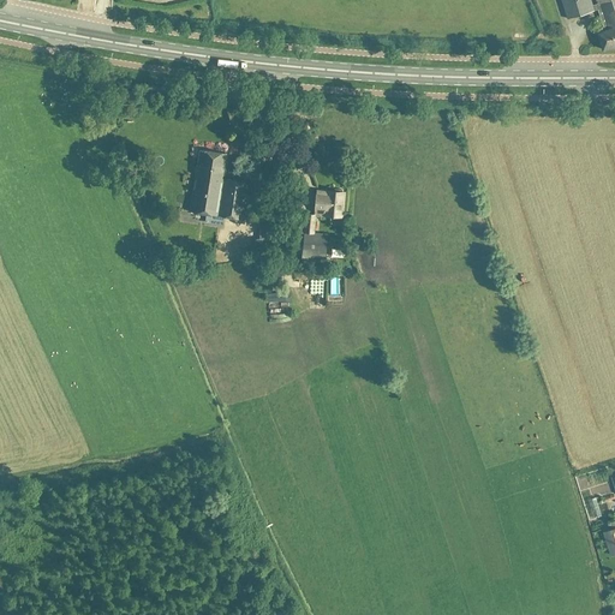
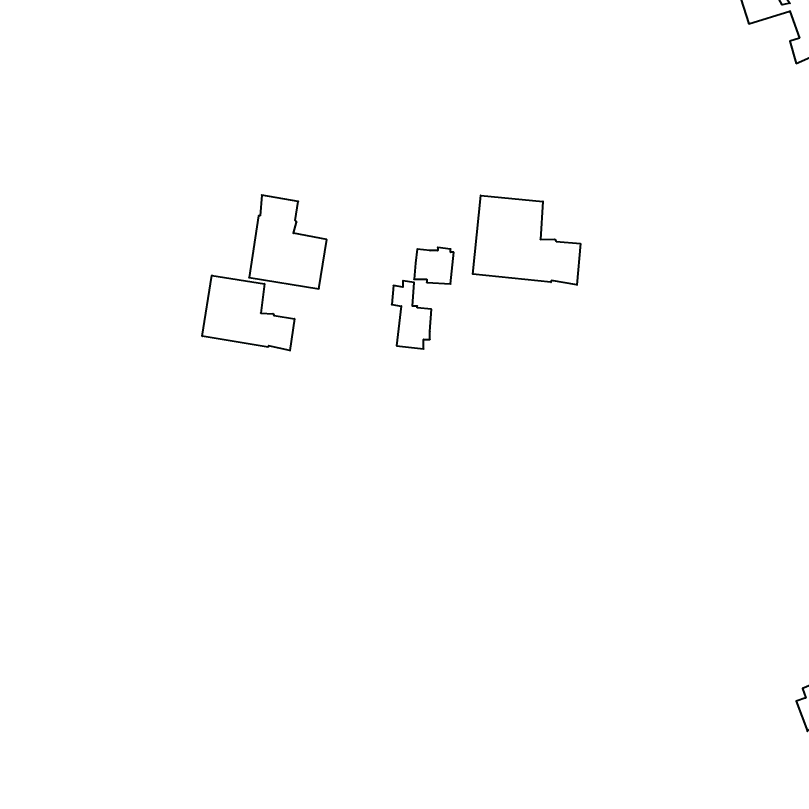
building: none -> [473,195,580,285]
building: none -> [202,275,294,351]

